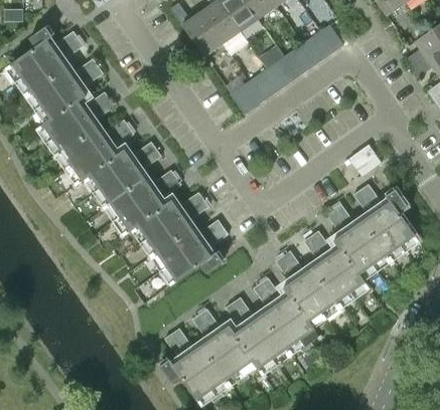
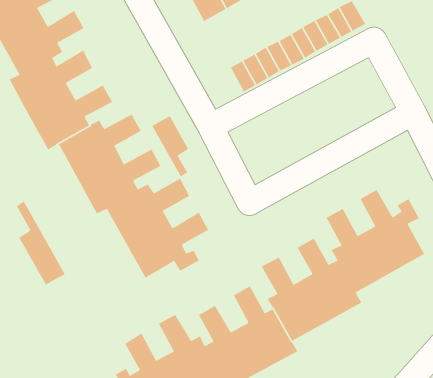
building: none -> [151,115,189,178]
building: none -> [16,201,66,285]

